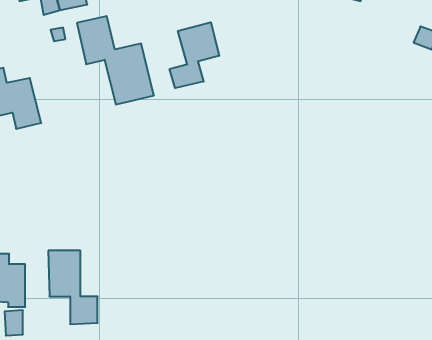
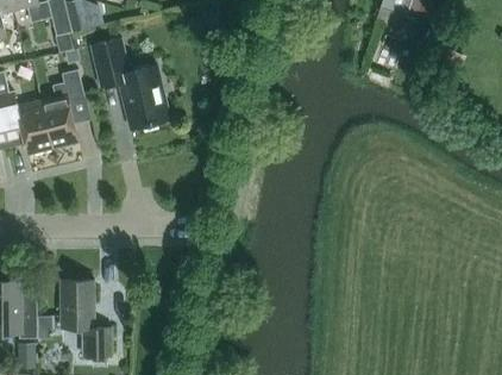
building: [170,22,219,88] -> none
building: none -> [40,70,83,149]

